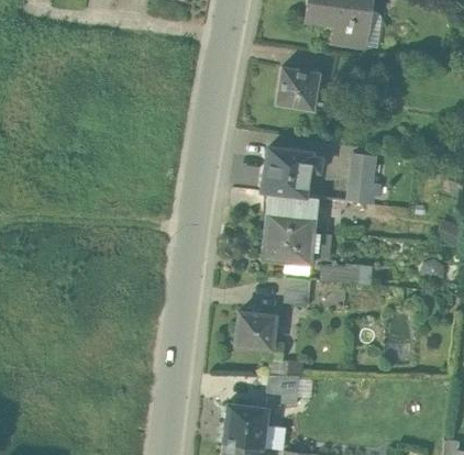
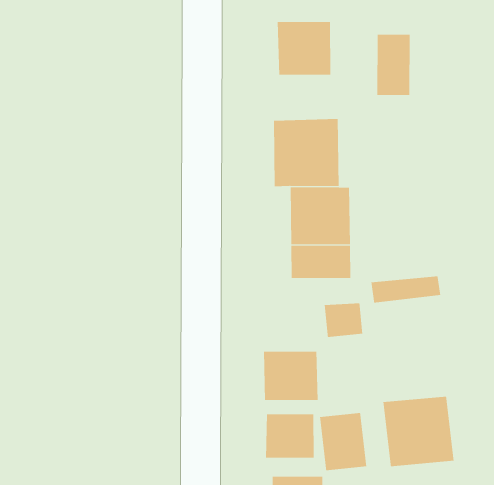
building: [349,153,380,202] -> [377,34,410,96]
building: none -> [265,414,314,458]
building: none -> [383,396,454,467]

